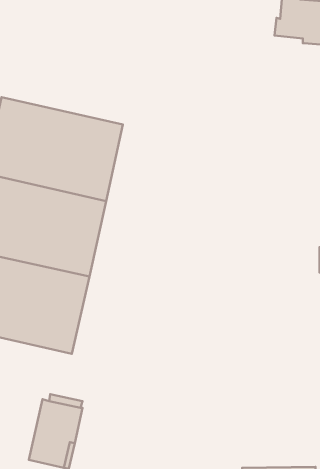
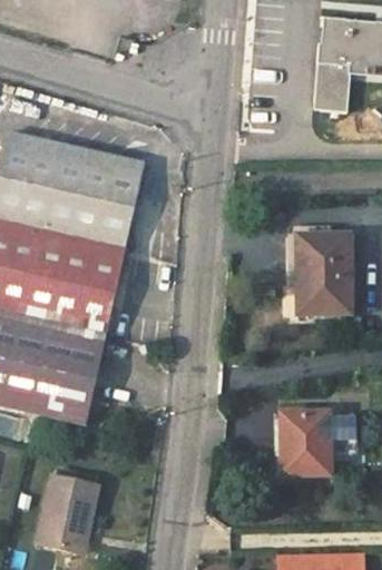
building: none -> [314,62,350,111]
building: none -> [297,235,351,314]
building: none -> [281,412,357,474]

